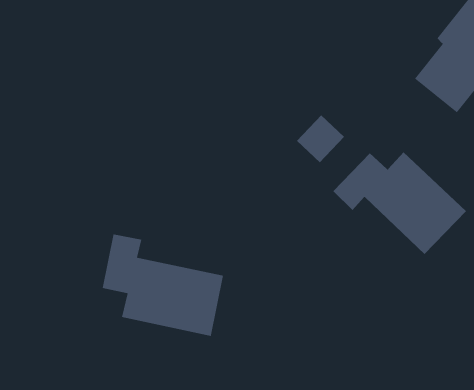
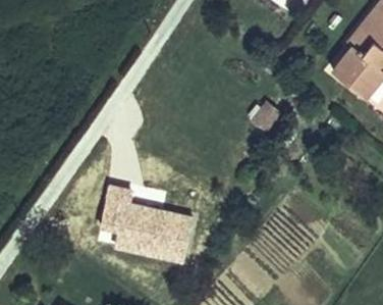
building: [333,151,467,255] -> none

